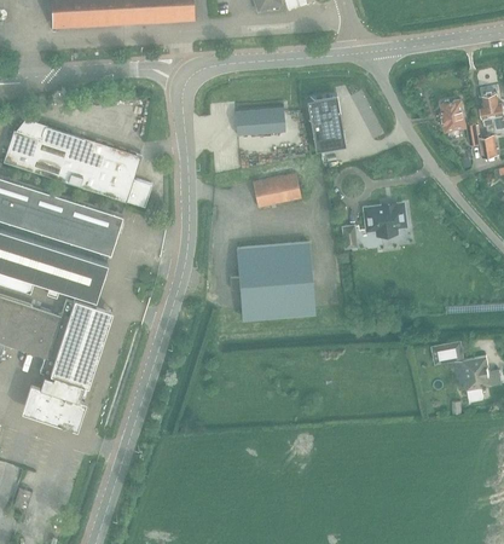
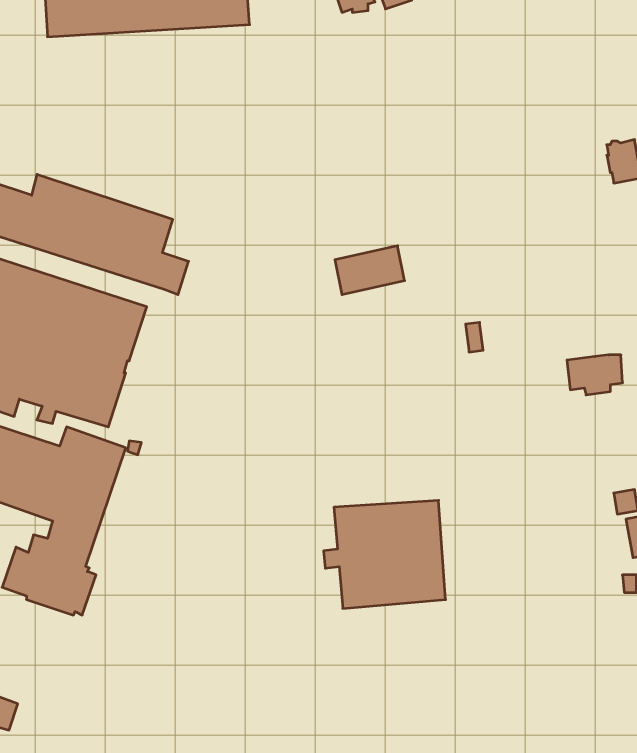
building: [307,94,346,150] -> none
building: [234,106,285,135] -> none
building: [365,206,404,233] -> [567,355,623,395]
building: [230,243,314,318] -> [324,500,446,608]

